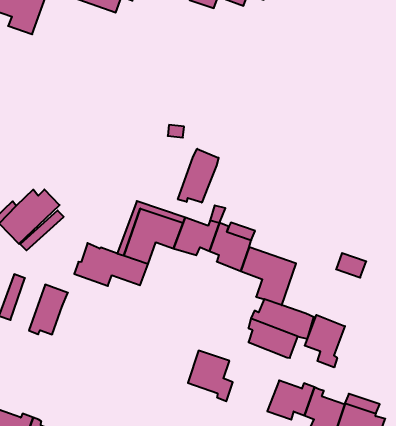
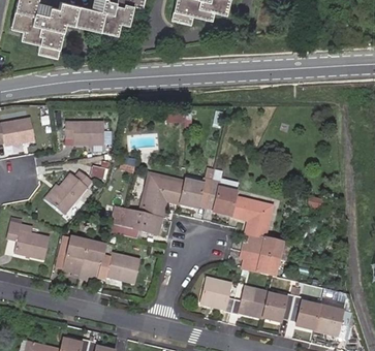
building: none -> [65,122,104,146]
building: [178,149,219,203] -> none
building: none -> [65,238,88,277]
building: none -> [97,253,136,282]
building: [305,315,345,367] -> none
building: none -> [231,287,269,317]

